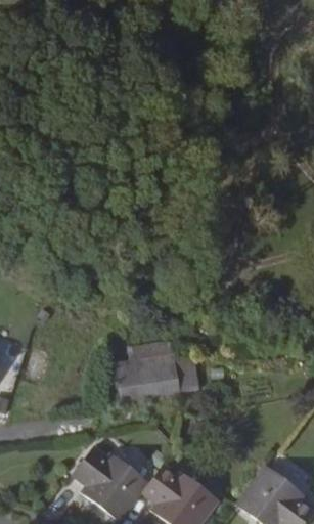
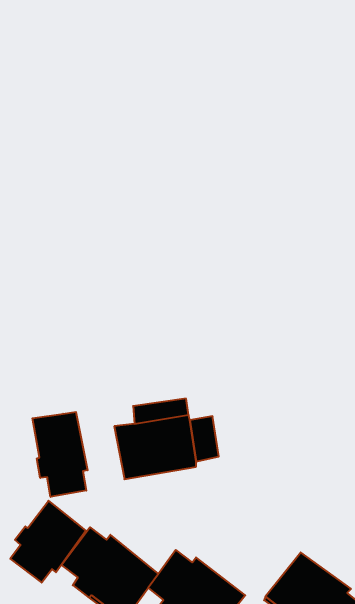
building: none -> [32,412,88,497]
building: none -> [10,501,86,583]

